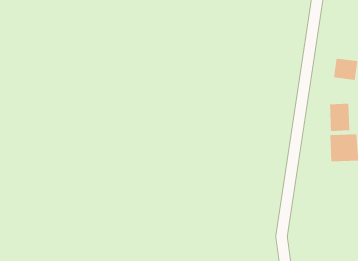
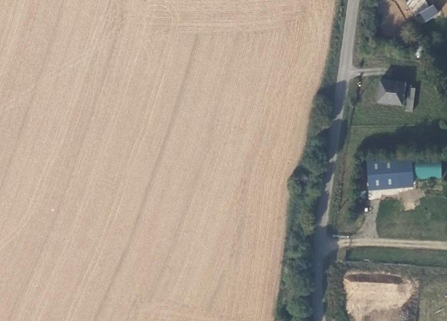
building: [330,103,350,132] -> none

